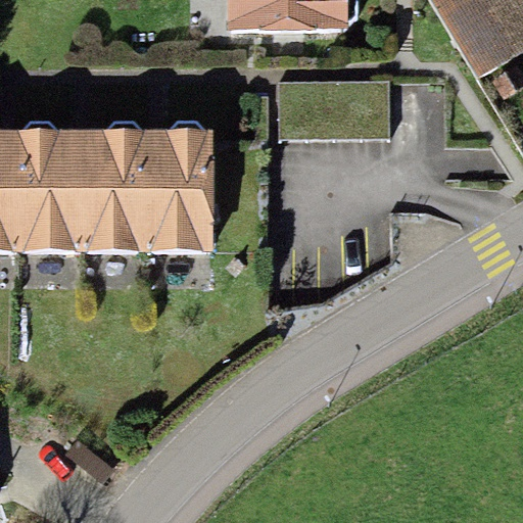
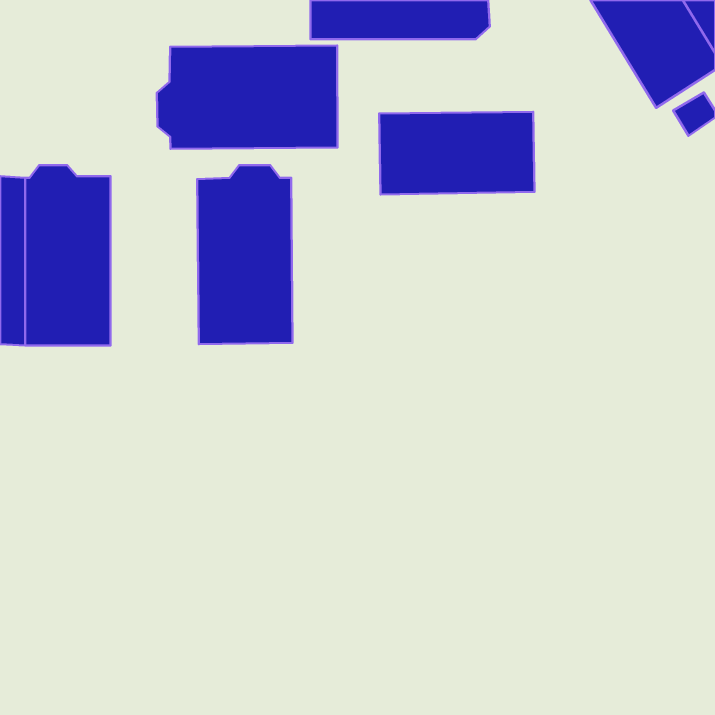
building: none -> [157,46,338,149]
building: [81,121,145,252] -> none

